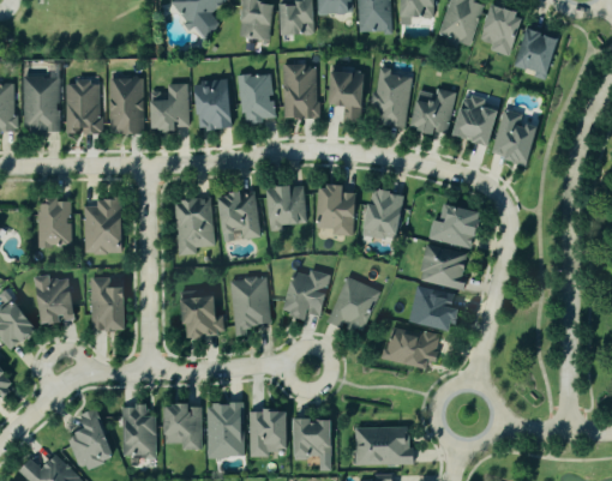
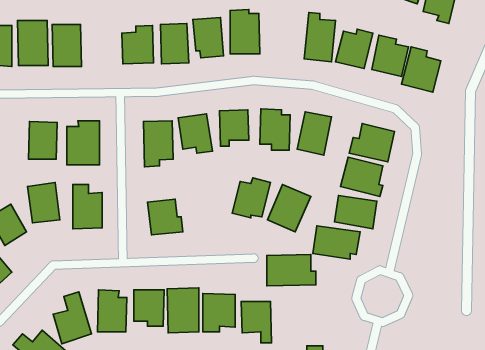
building: [330,72,365,121] -> none
building: [108,78,144,133] -> none
building: [230,277,270,336] -> none
building: [355,427,415,465] -> [267,254,316,286]

